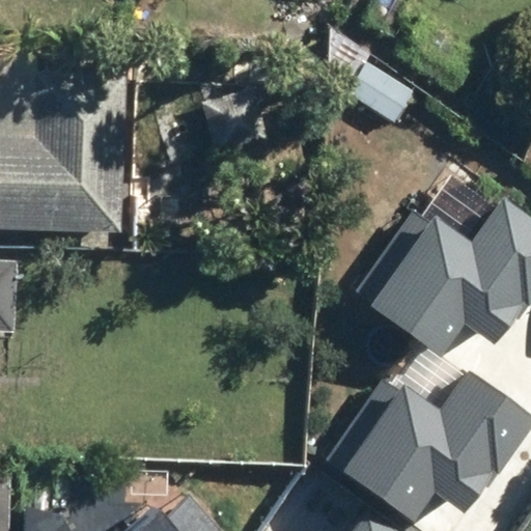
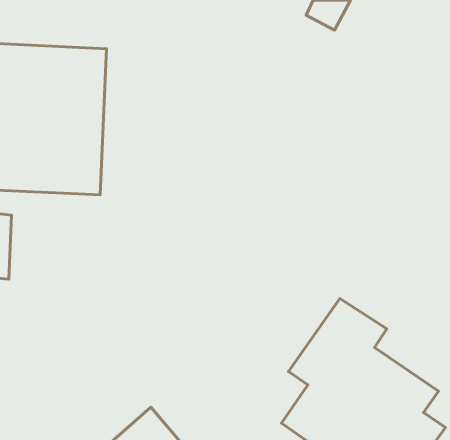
building: [371,200,508,338] -> none

